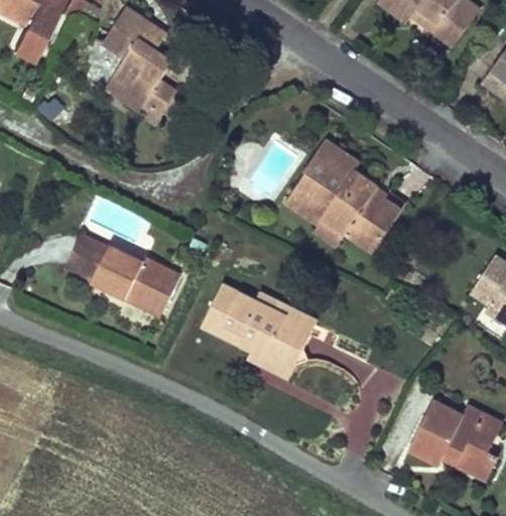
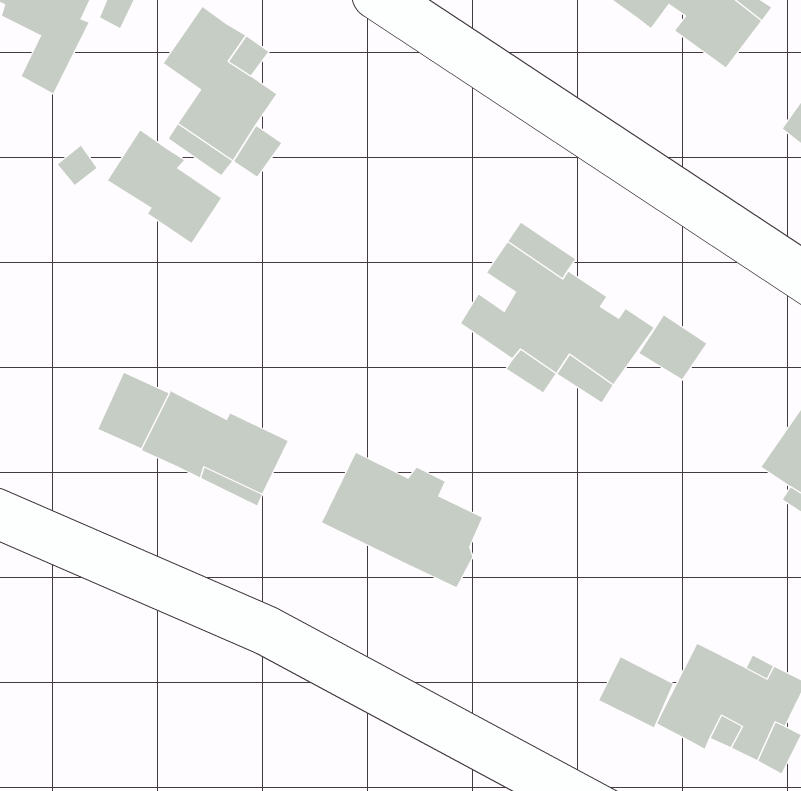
building: none -> [106,130,222,244]
building: none -> [638,315,707,380]
building: [245,300,318,378] -> none
building: none -> [598,657,673,728]

